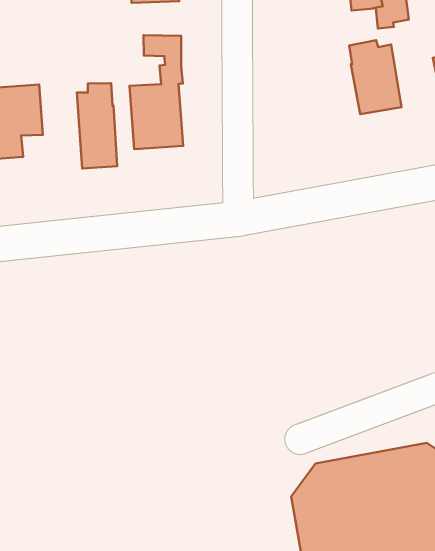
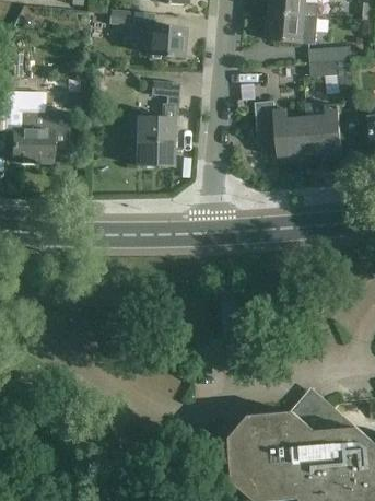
building: none -> [255,101,309,158]
building: [77,83,117,168] -> none

